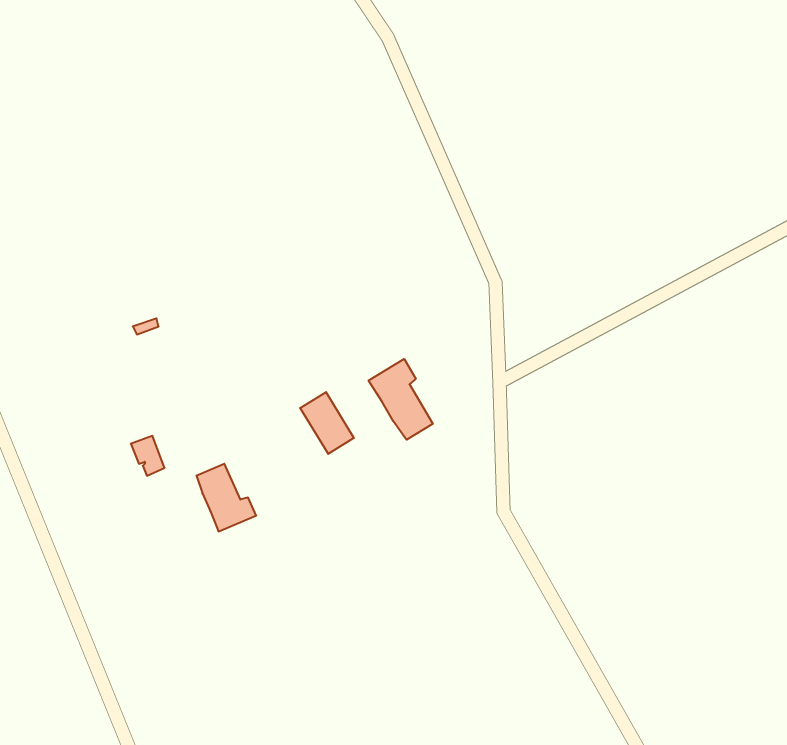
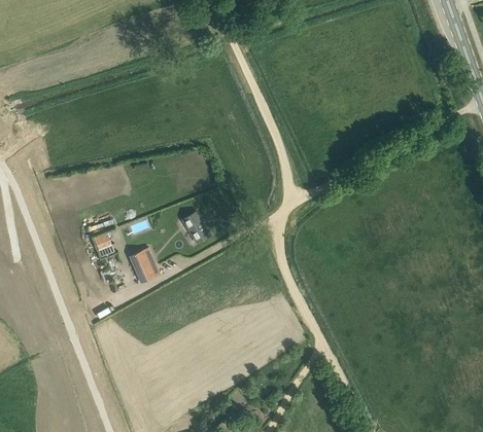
building: [369,359,433,440] -> none

